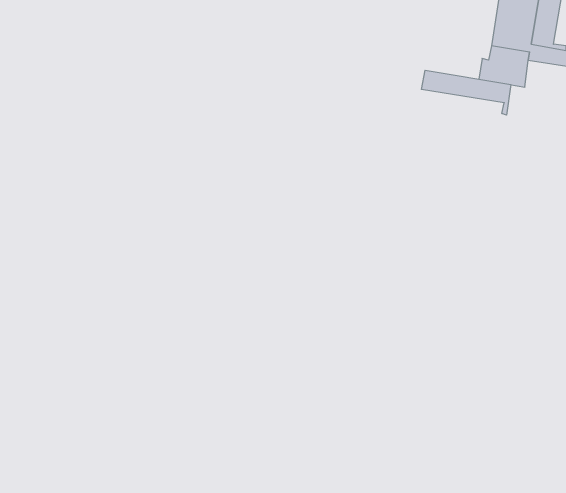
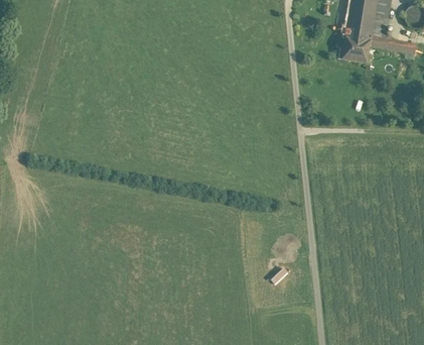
building: [421,70,511,115] -> none

